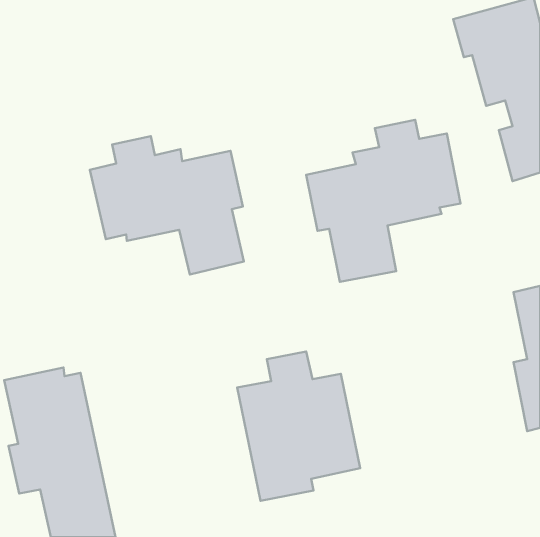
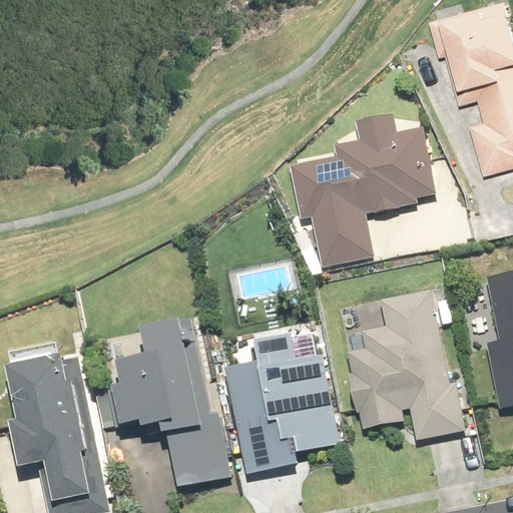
building: [90,136,244,275] -> none
building: none -> [347,290,466,440]
building: none -> [111,318,232,488]

